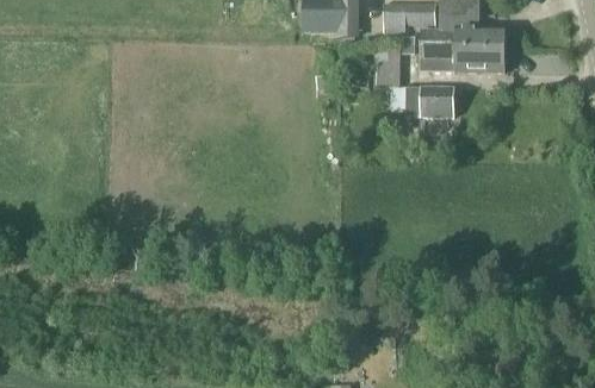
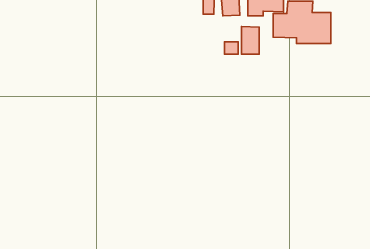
building: [403,87,453,117] -> none

